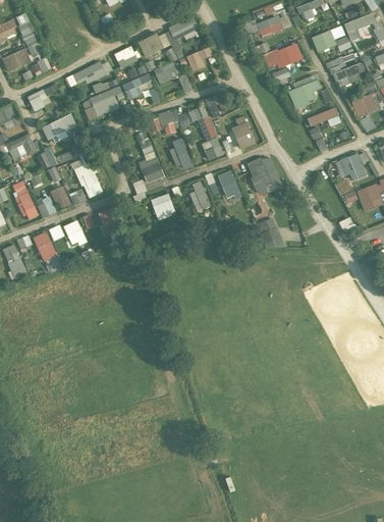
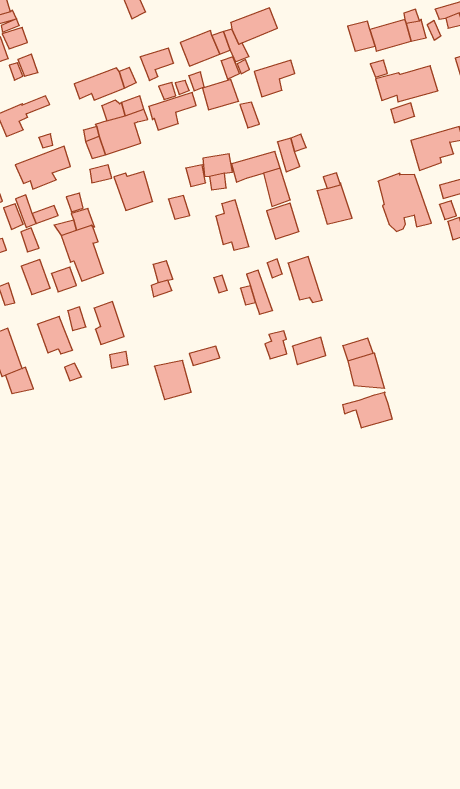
building: [139,157,164,182] -> [114,171,153,210]
building: [248,157,283,194] -> [378,173,431,231]
building: [151,194,175,219] -> [154,360,191,400]
building: none -> [343,392,392,428]

